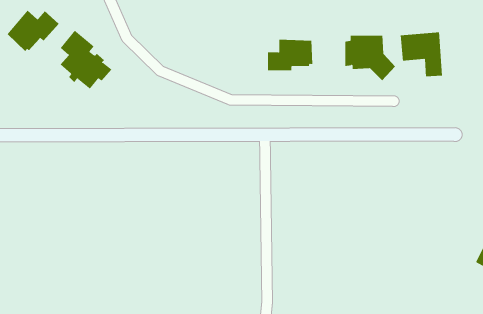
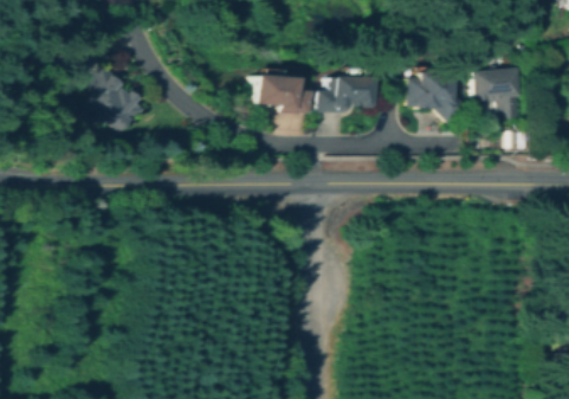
building: [7,10,59,52] -> none
building: none -> [258,75,313,114]

